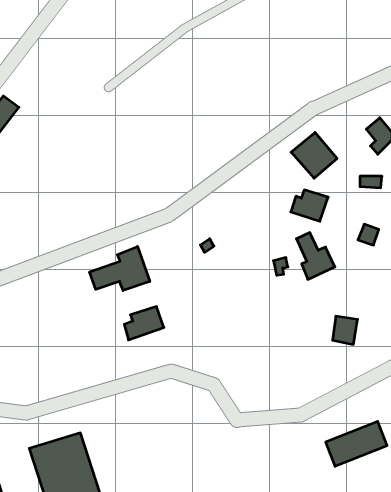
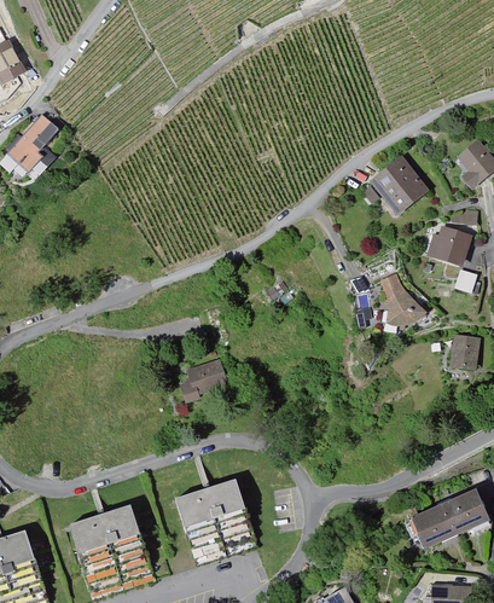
building: [291,190,328,221] -> [426,226,470,262]
building: [90,246,150,291] -> none
building: [333,316,358,344] -> [451,332,480,365]
building: none -> [176,479,254,558]

